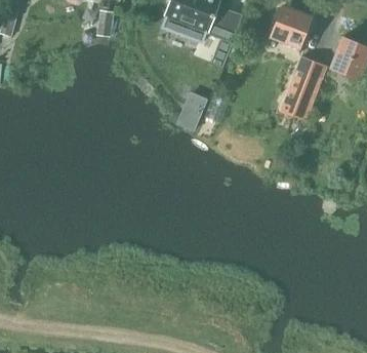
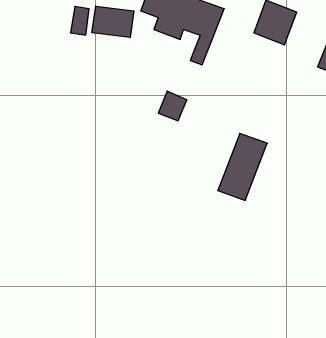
building: none -> [92,6,134,38]
building: [279,56,325,119] -> [218,133,267,200]

